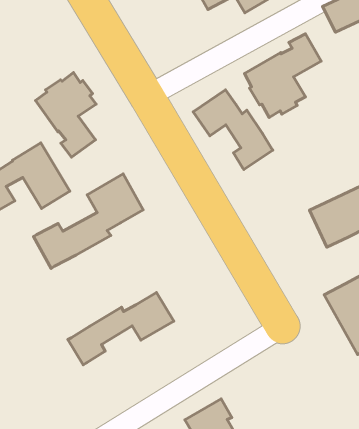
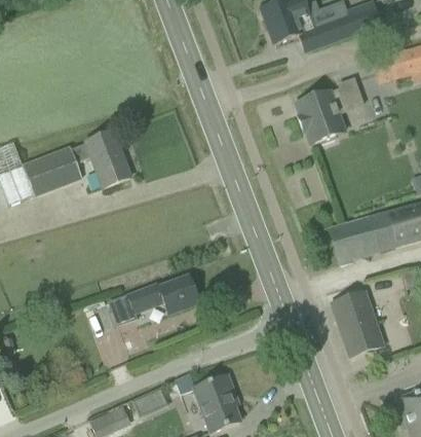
building: [36,73,96,157] -> none
building: [193,90,273,169] -> none
building: [33,174,143,268] -> none

